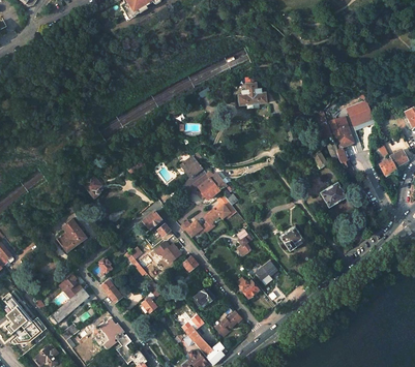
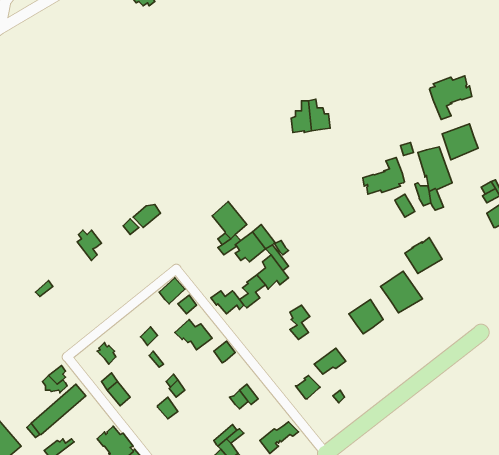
building: none -> [430,76,472,119]
building: none -> [363,158,405,194]
building: none -> [381,271,423,313]
building: [57,218,87,252] -> none

